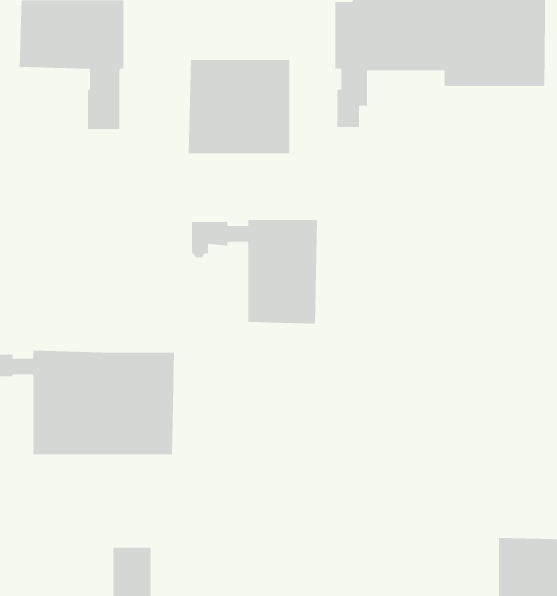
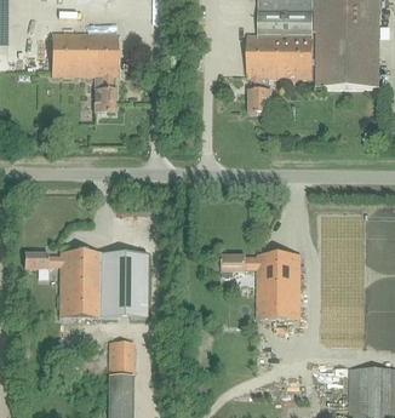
building: [188,59,290,154] -> none
building: [191,219,318,324] -> [222,252,300,317]
building: none -> [109,339,133,370]

